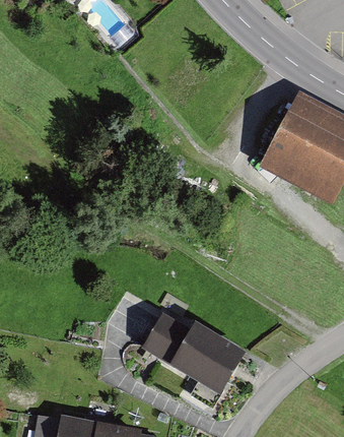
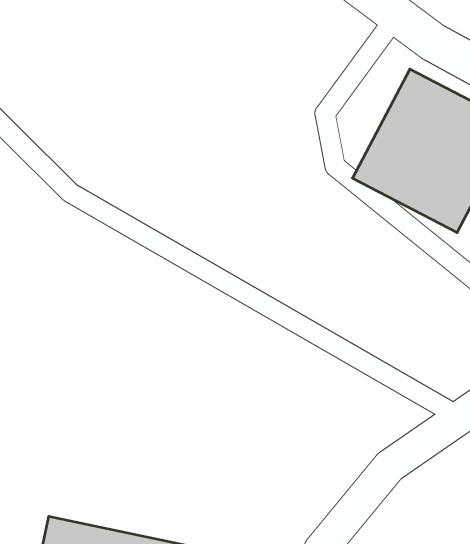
building: [150,311,245,387] -> none

